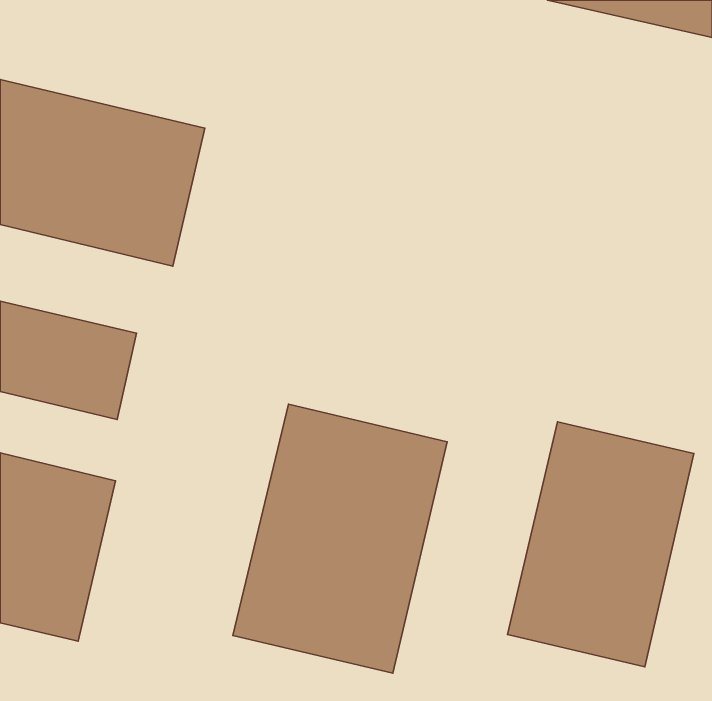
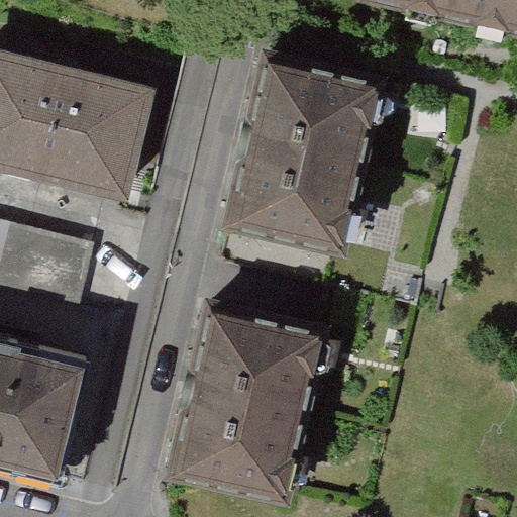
building: none -> [227,47,383,243]
building: [508,422,694,667] -> none

